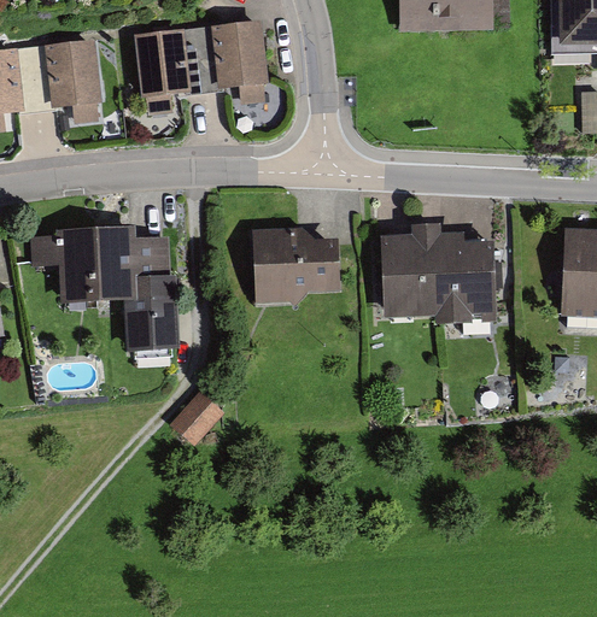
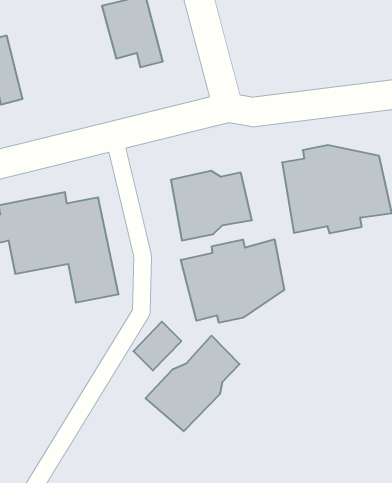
building: [136,29,187,108] -> none
building: none -> [181,239,284,323]
building: none -> [146,336,240,431]

